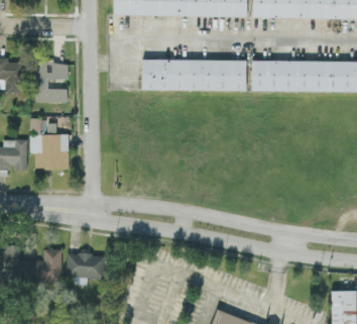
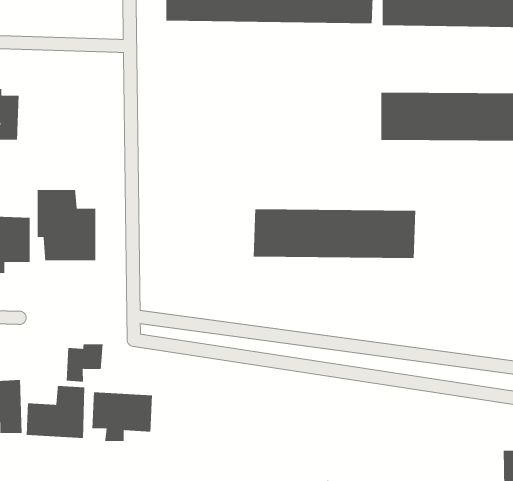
building: [141,59,246,91] -> [253,208,416,259]
building: [35,62,68,102] -> none
building: none -> [66,344,104,383]

